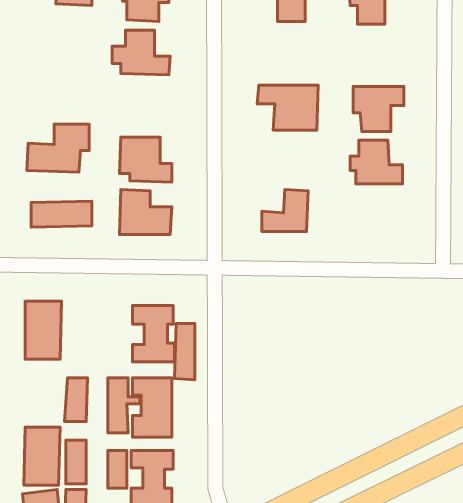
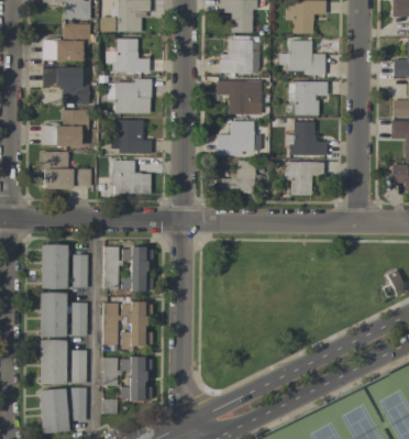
building: none -> [43,23,91,62]
building: none -> [221,40,261,73]
building: none -> [280,40,325,75]
building: none -> [43,67,90,105]
building: none -> [108,80,152,113]
building: none -> [217,121,262,155]
building: none -> [41,151,69,167]
building: none -> [285,161,324,195]
building: none -> [71,254,89,288]
building: [175,323,195,380] -> [103,246,119,289]
building: none -> [40,292,67,337]

